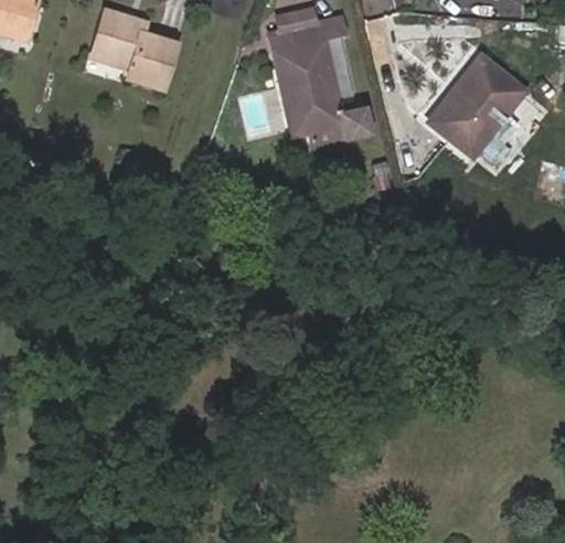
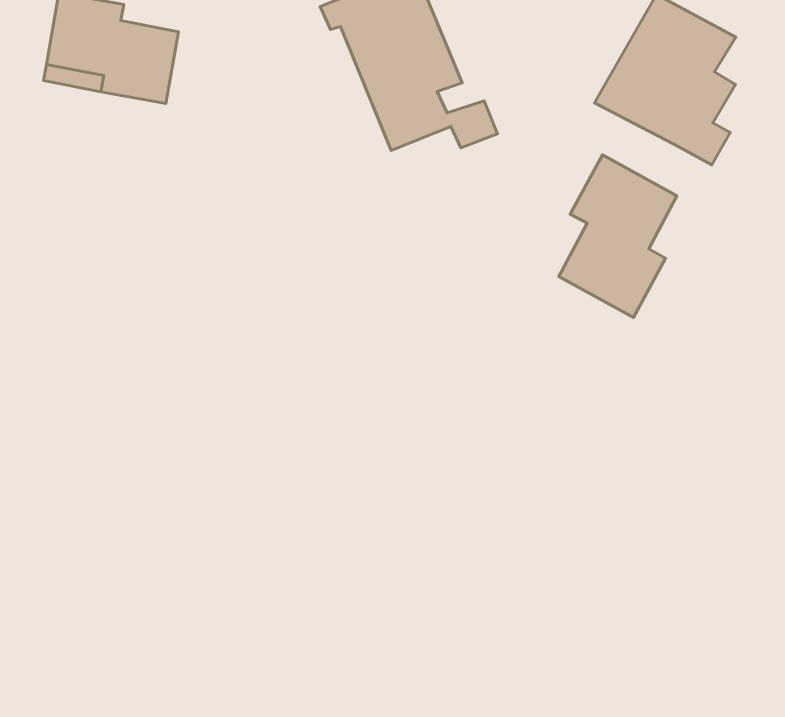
building: none -> [559,155,677,318]

